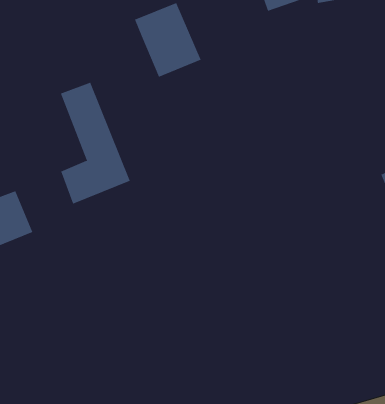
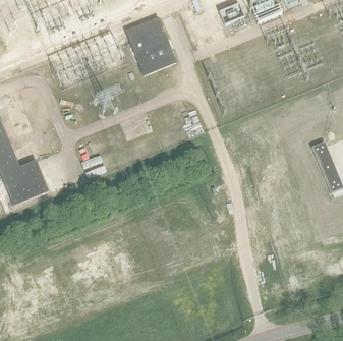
building: [60,82,131,204] -> none

